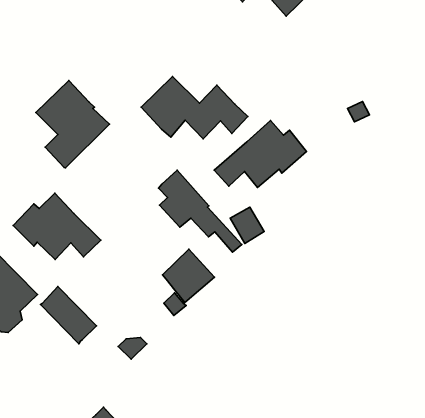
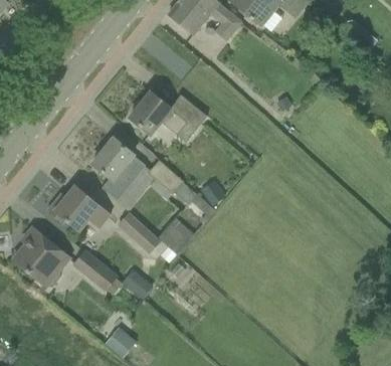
building: [36,80,110,168] -> [92,139,146,201]
building: [214,120,307,188] -> none
building: none -> [118,212,160,252]

